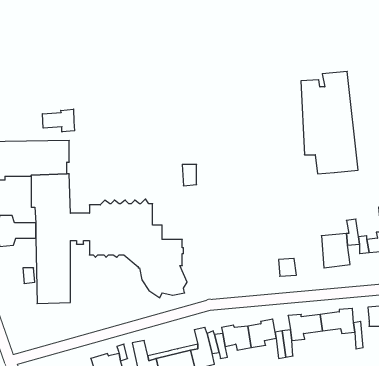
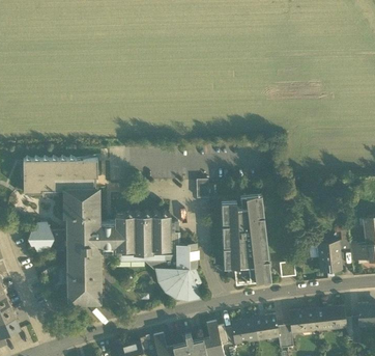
building: [301,71,358,174] -> [221,194,270,283]
building: [42,109,75,132] -> none

